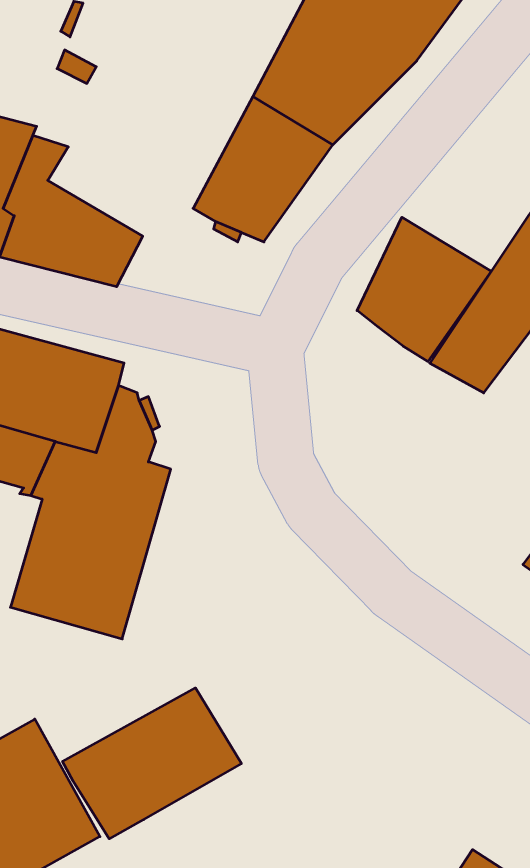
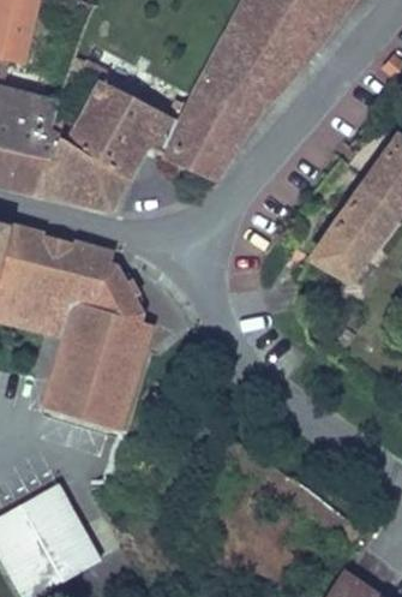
building: none -> [67,77,178,174]
building: [357,217,491,361] -> none
building: [63,688,241,839] -> none

